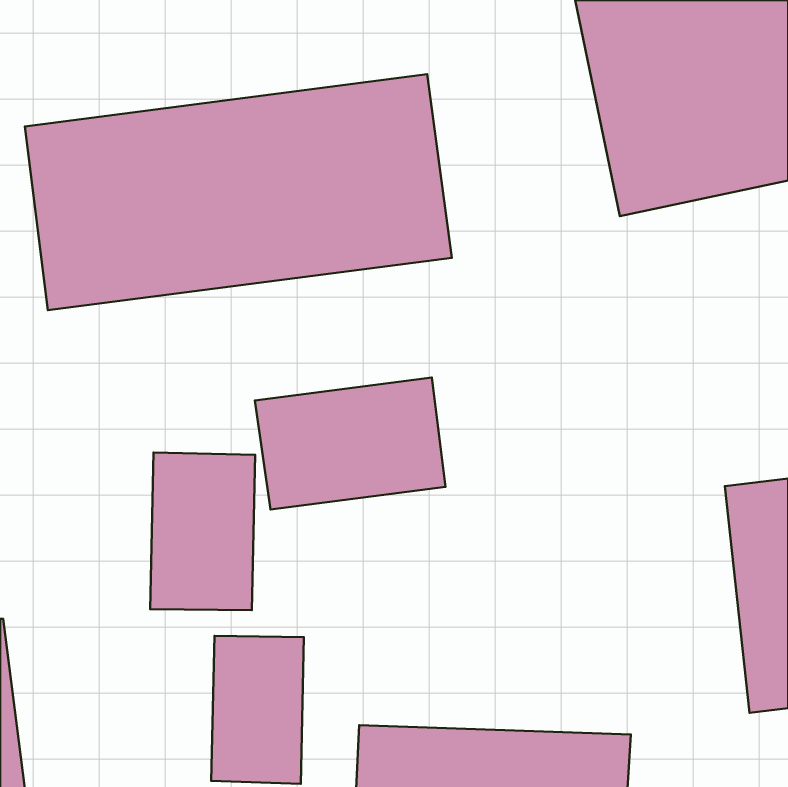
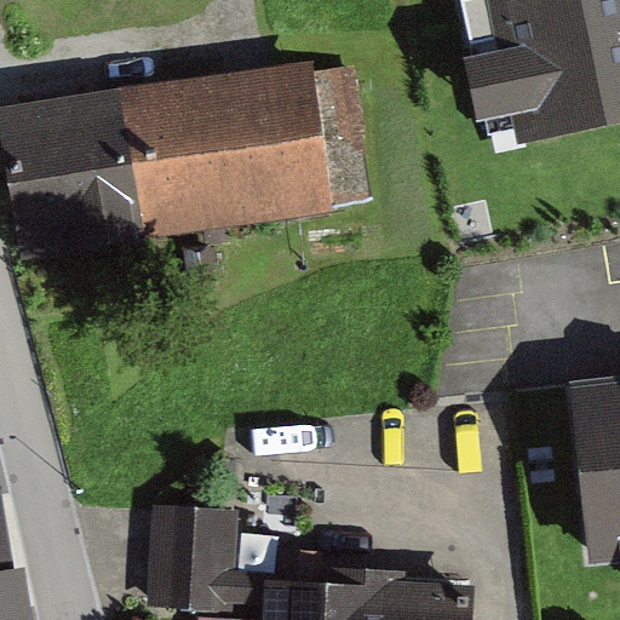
building: [255,378,446,510] -> none
building: [150,452,255,610] -> none

